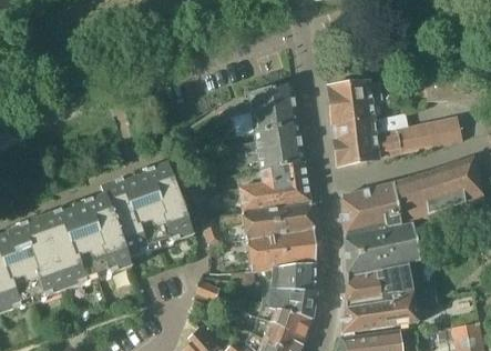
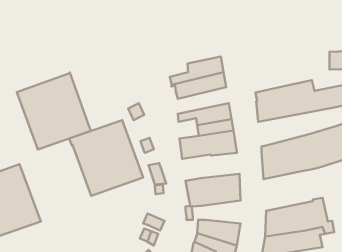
building: [329,81,383,128] -> none
building: [236,121,301,154] -> none
building: [39,193,132,290] -> [17,73,91,149]
building: [234,203,315,239] -> none
building: [345,222,420,277] -> none
building: [266,263,316,292] -> none

